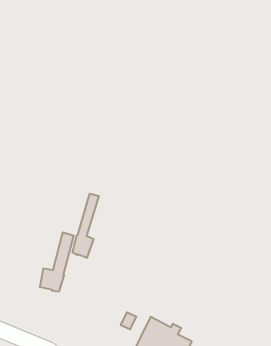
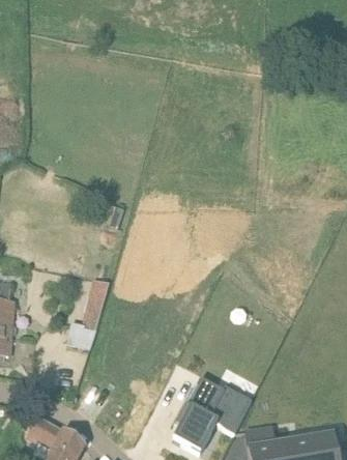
building: [72,194,99,258] -> none

